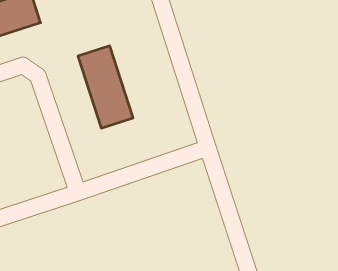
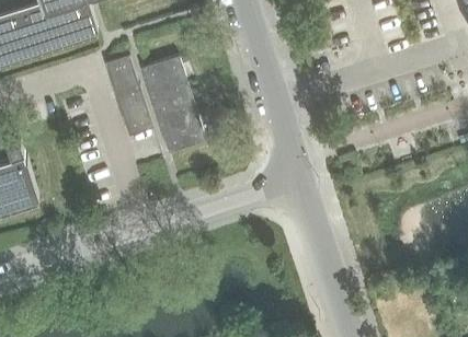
building: none -> [103,57,150,137]

